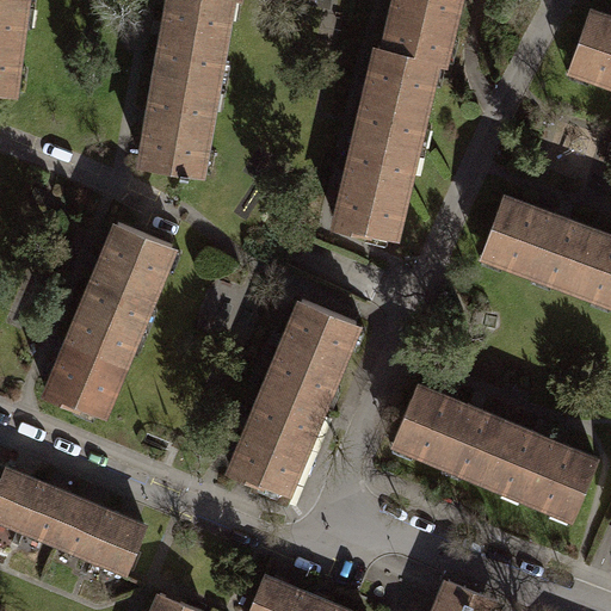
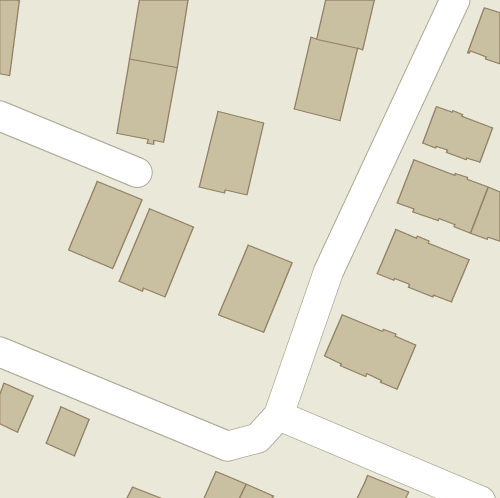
building: none -> [423,107,492,162]
building: [335,136,414,237] -> [199,111,264,195]
building: [47,308,137,415] -> [119,209,194,297]
building: [230,387,323,504] -> none
building: [483,424,595,512] -> [377,229,469,302]
building: [21,486,74,543] -> none
building: [91,514,144,573] -> none

